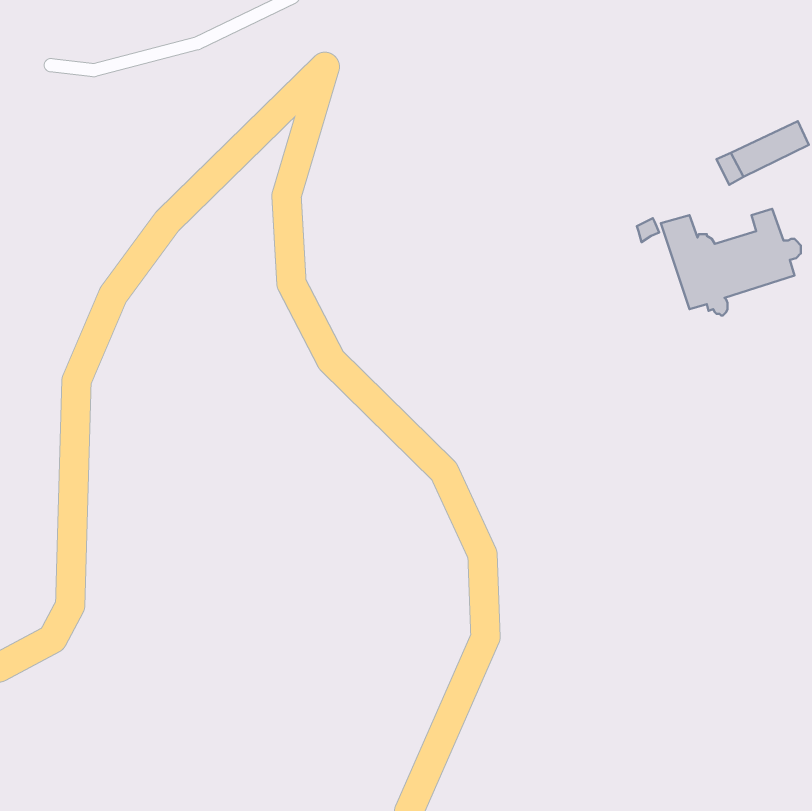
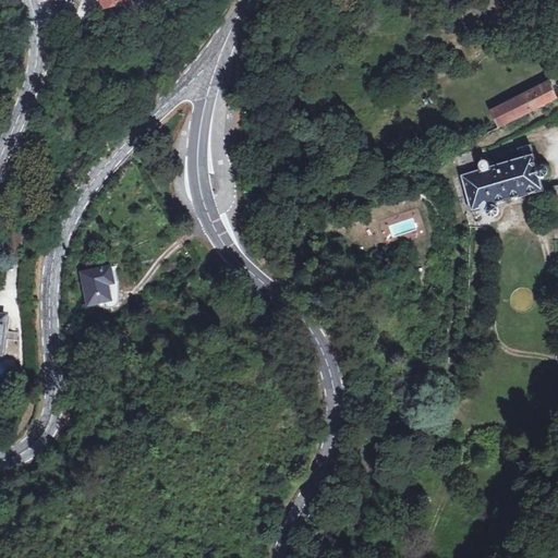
building: none -> [80,263,116,300]

